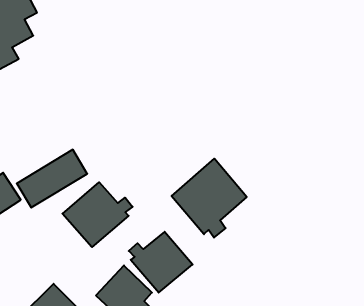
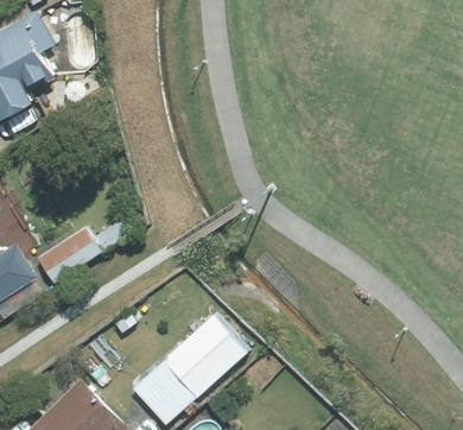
building: [172,159,247,238] -> none
building: [62,182,133,247] -> none

